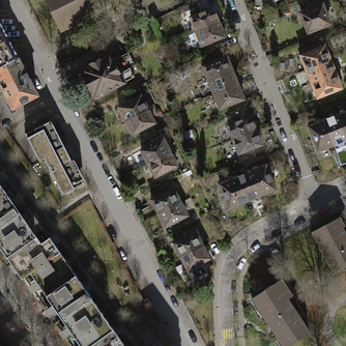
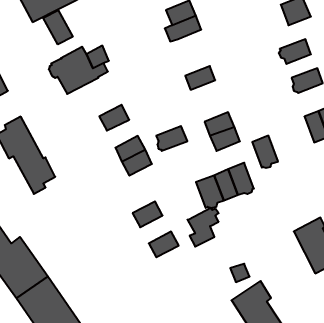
building: none -> [43,10,73,44]
building: [201,57,232,82] -> none
building: [306,61,336,84] -> none
building: [213,86,243,110] -> [156,126,187,151]
building: [118,96,147,121] -> none
building: [308,121,333,152] -> [252,136,278,168]
building: [150,190,179,214] -> none
building: [179,246,209,283] -> [187,208,219,247]

